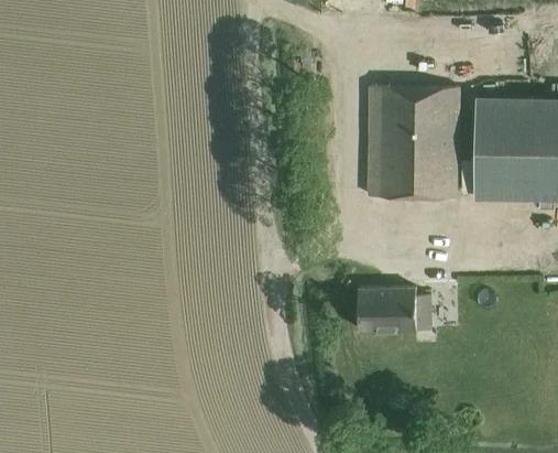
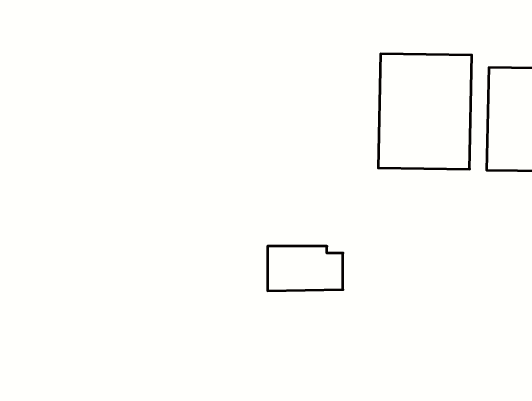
building: [359,288,431,331] -> [268,246,343,291]

